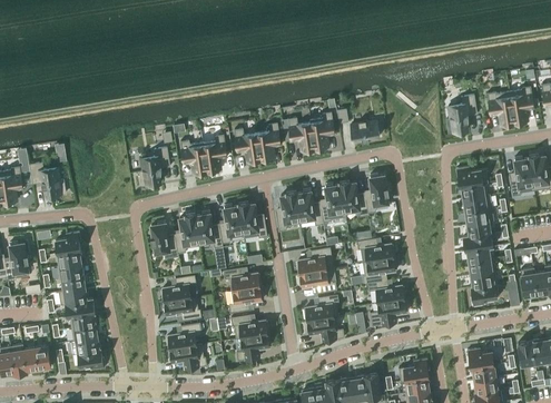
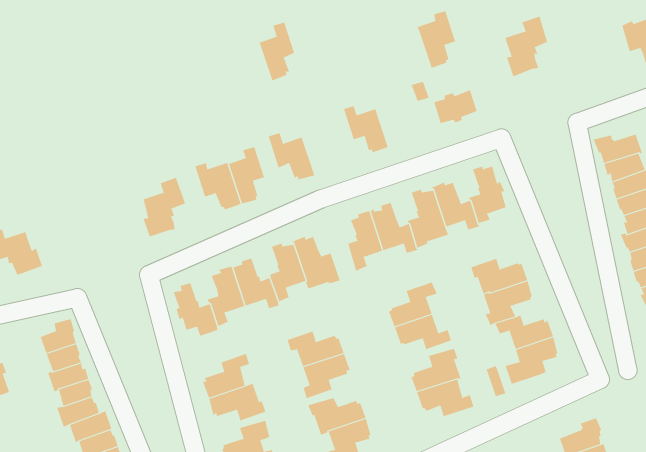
building: [446,95,476,134] -> [505,16,548,77]
building: [309,112,335,150] -> [416,11,456,69]
building: [257,122,281,161] -> [259,22,295,81]

